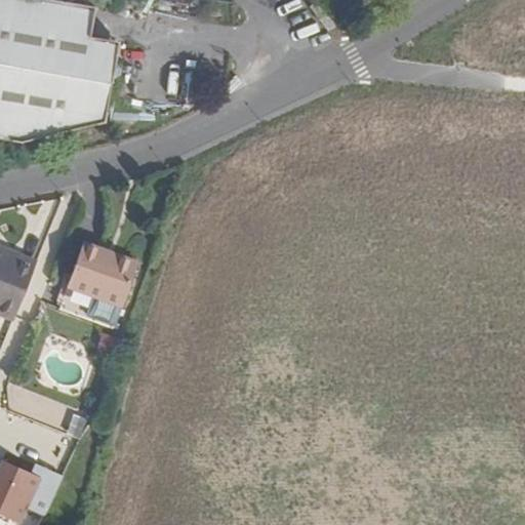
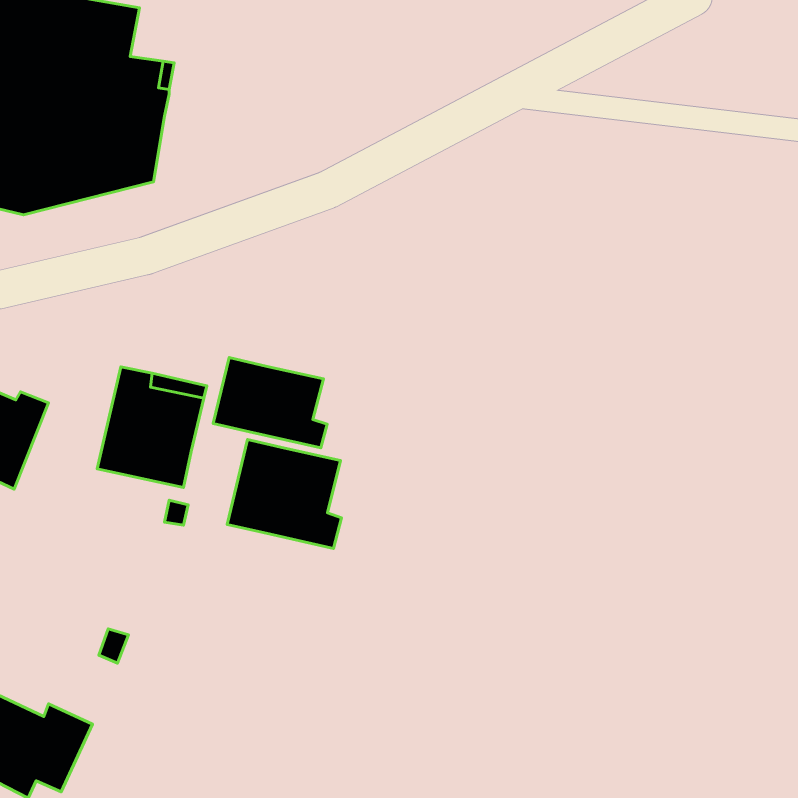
building: none -> [213,357,327,448]
building: none -> [227,439,342,548]

